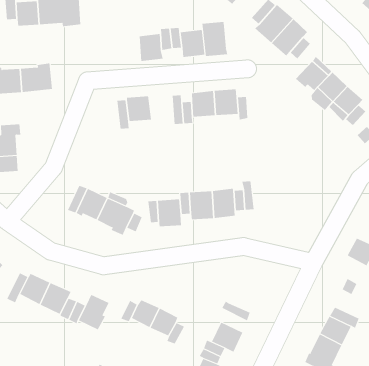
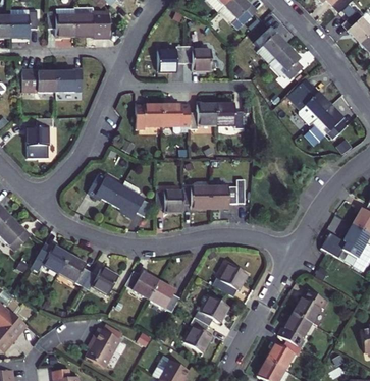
building: [202,21,228,57] -> none
building: none -> [163,102,182,130]
building: none -> [219,264,248,291]

